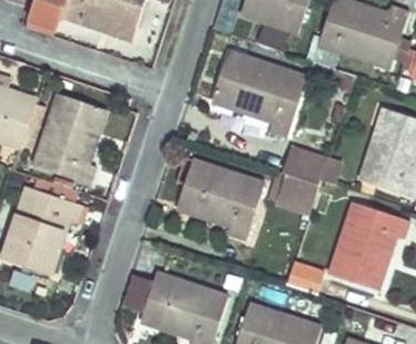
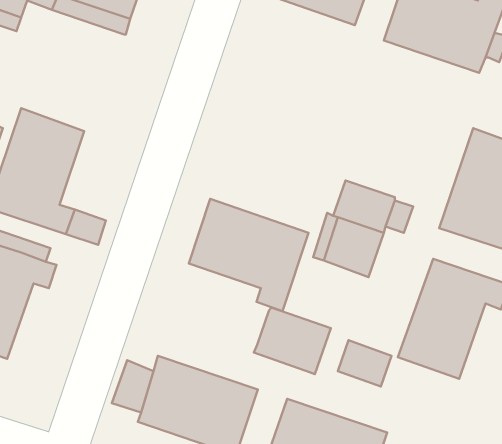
building: [212,50,307,138] -> none
building: none -> [254,308,331,374]

